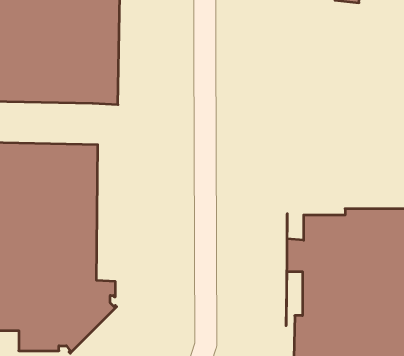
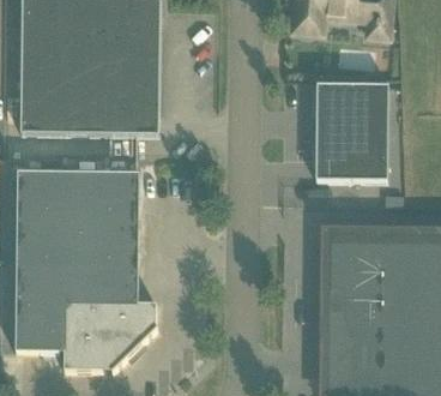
building: none -> [315,82,388,179]

